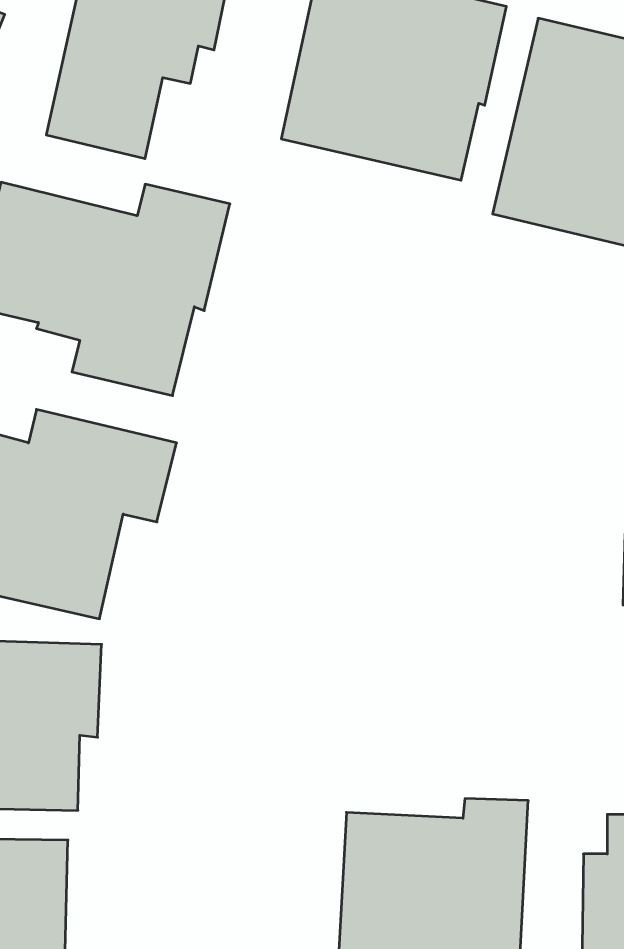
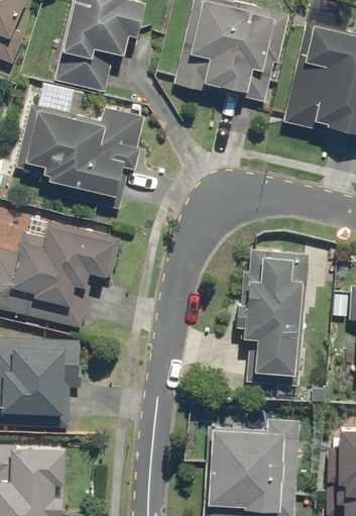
building: none -> [237,249,309,388]

